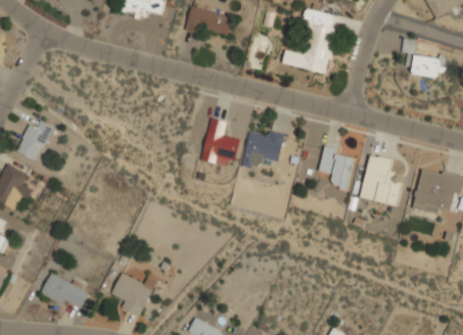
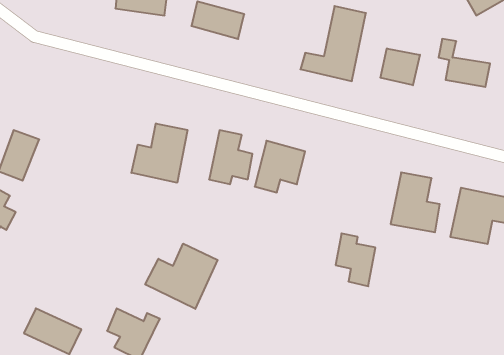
building: none -> [380,48,420,85]
building: none -> [131,123,187,183]
building: [319,144,354,190] -> [336,233,375,286]
building: none -> [145,244,218,309]

